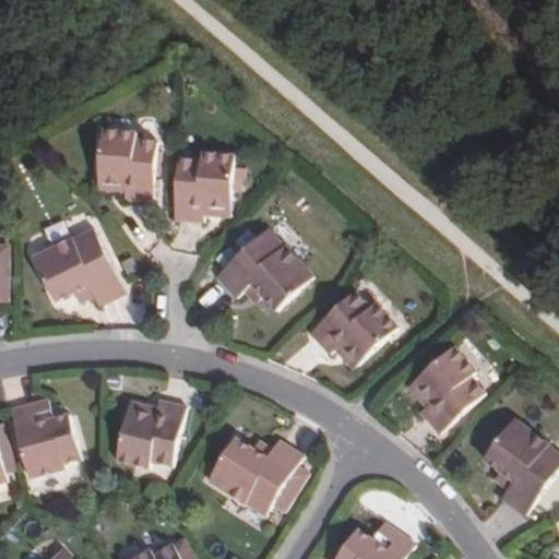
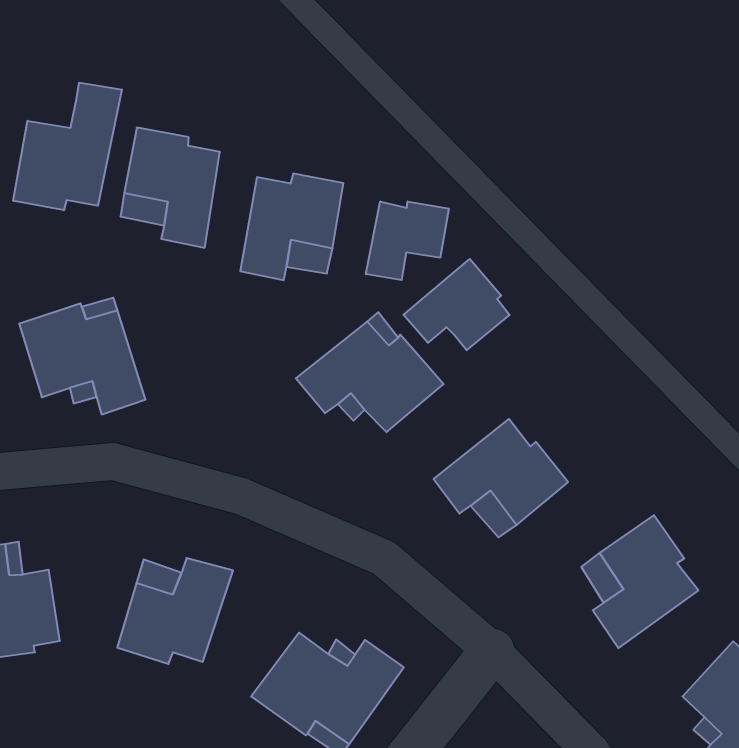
building: none -> [13,83,122,210]
building: none -> [366,201,449,280]
building: none -> [403,259,510,350]

